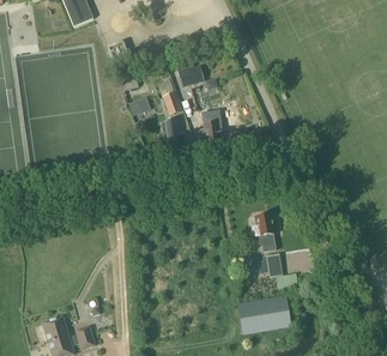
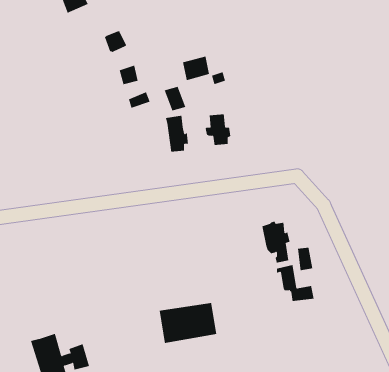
building: [238,296,291,333] -> [159,302,217,343]

